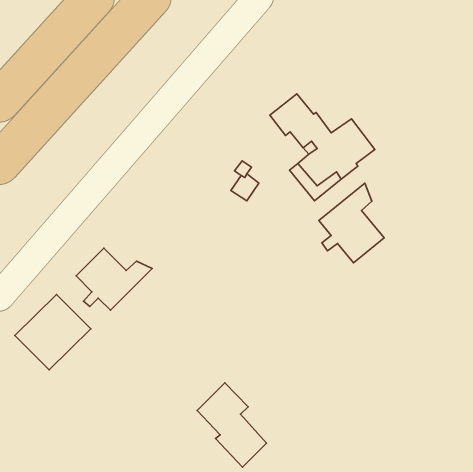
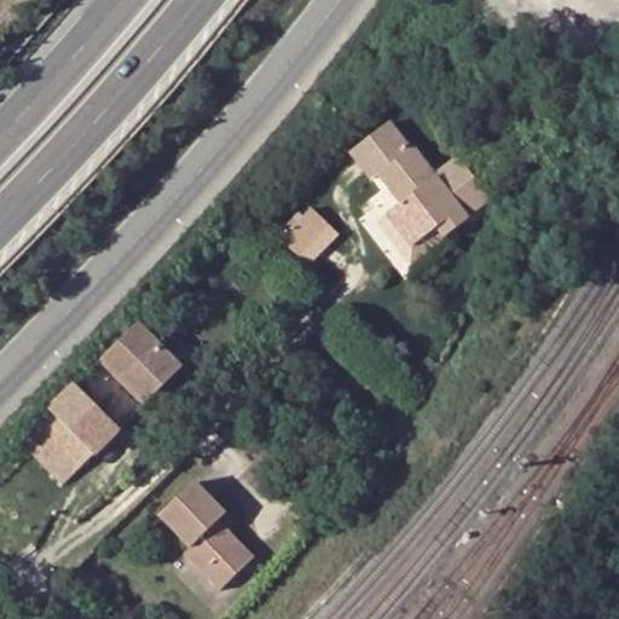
building: [319,183,384,263] -> none
building: [197,383,267,467] -> [158,479,249,589]

